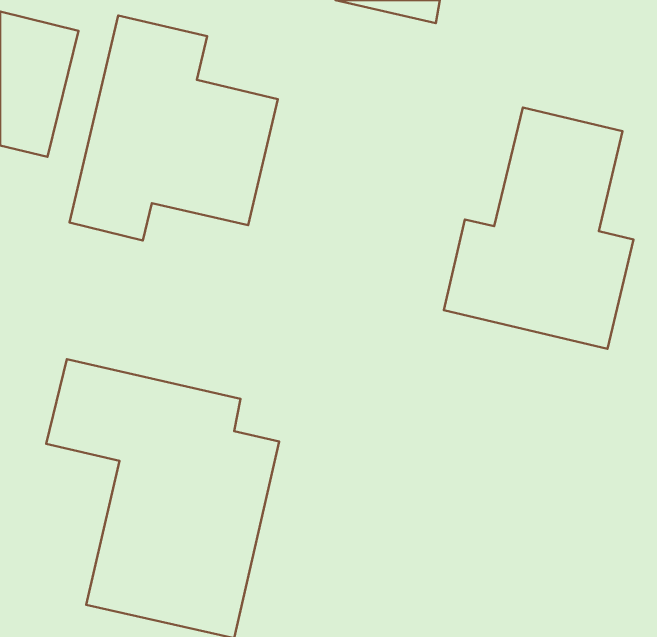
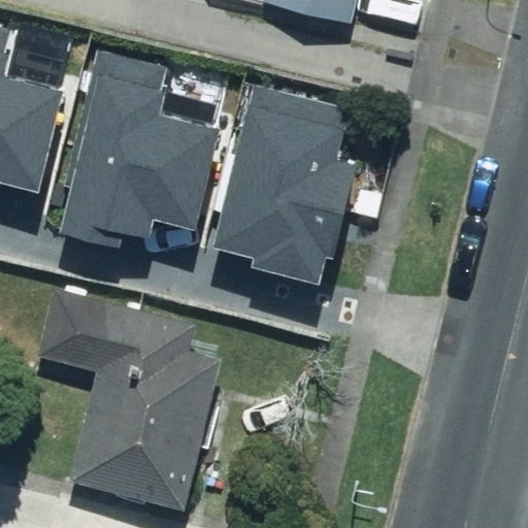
building: none -> [214,52,383,231]
building: [444,108,633,349] -> none

